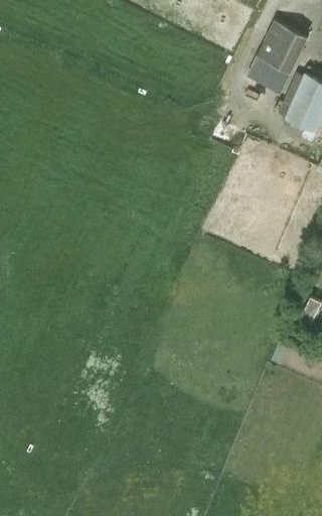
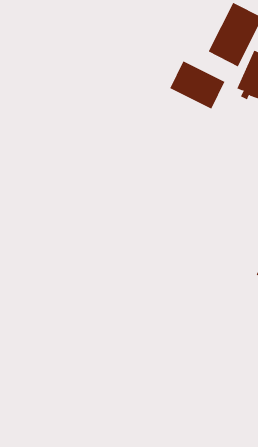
building: none -> [169,60,225,109]

